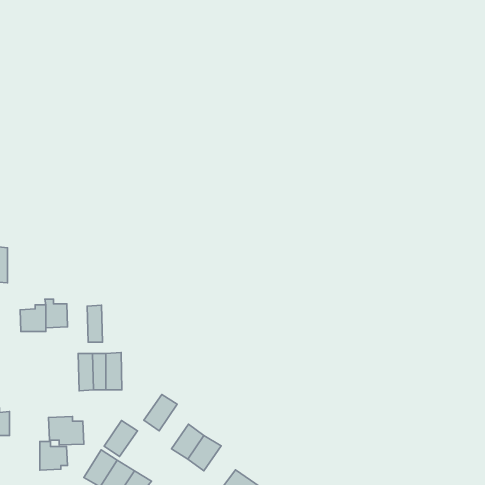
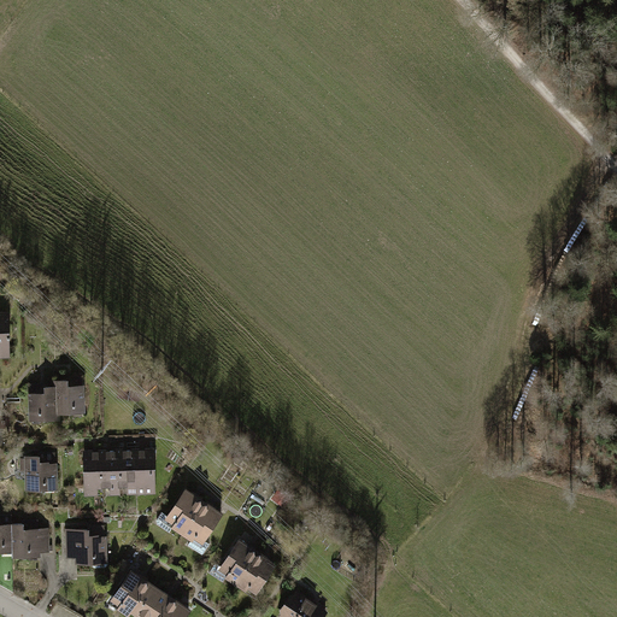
building: [87,305,103,342] -> [81,449,100,496]
building: none -> [22,454,57,493]
building: [104,420,138,457] -> [163,488,205,534]
building: [40,442,68,470] -> [12,523,47,559]

